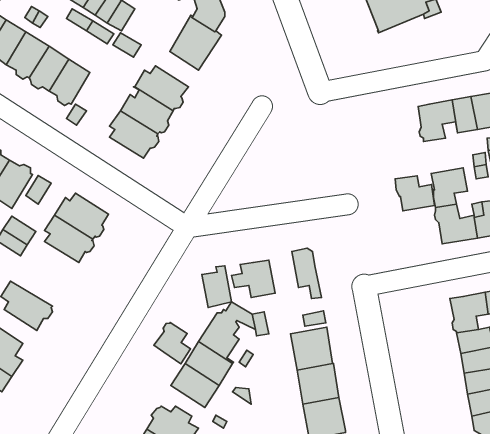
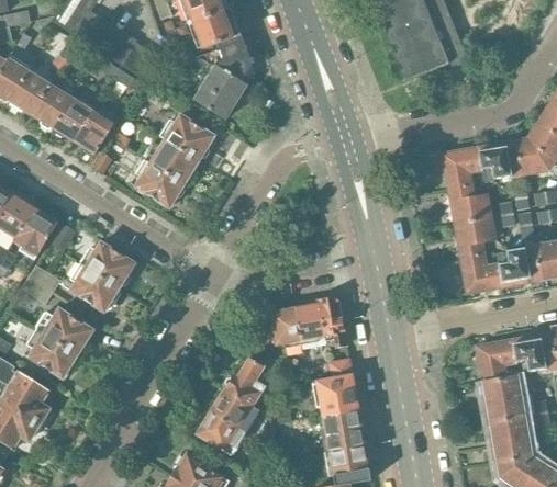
building: [395,176,435,211] -> [449,186,489,222]
building: none -> [36,303,93,354]
building: [202,266,231,307] -> [294,299,324,341]
building: [154,322,190,364] -> none

